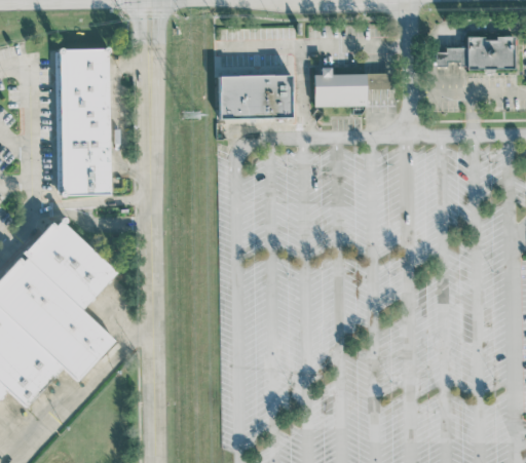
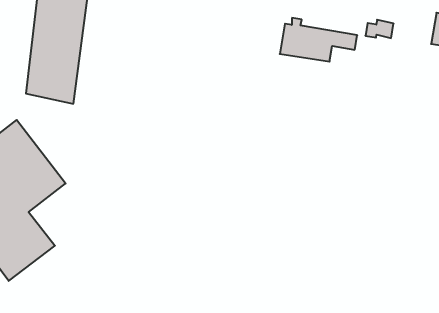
building: [437,45,463,64] -> [365,20,394,38]
building: [220,73,293,117] -> none

